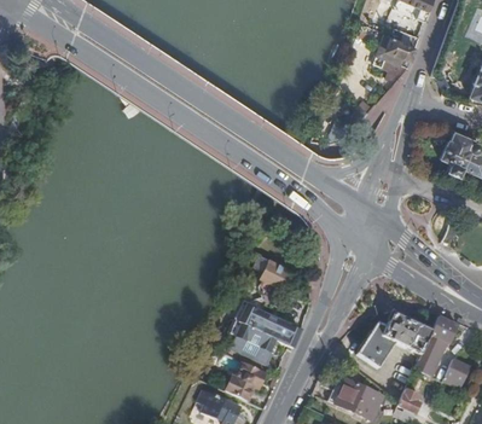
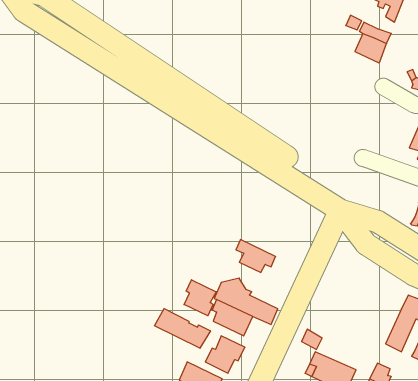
building: none -> [184,280,216,316]
building: [356,313,430,368] -> none
building: none -> [155,309,210,348]

